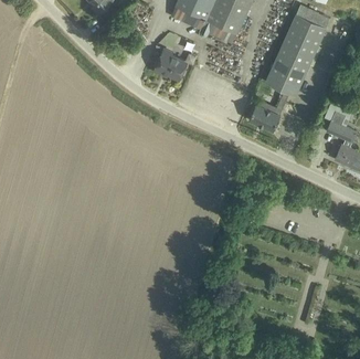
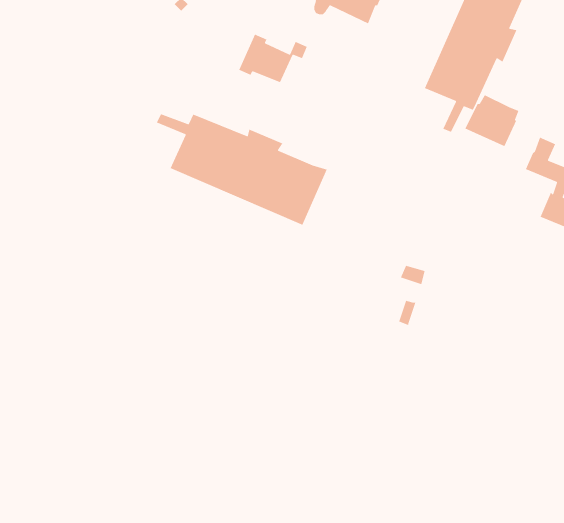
building: none -> [156,113,328,226]
building: [248,98,282,130] -> [464,94,519,147]

